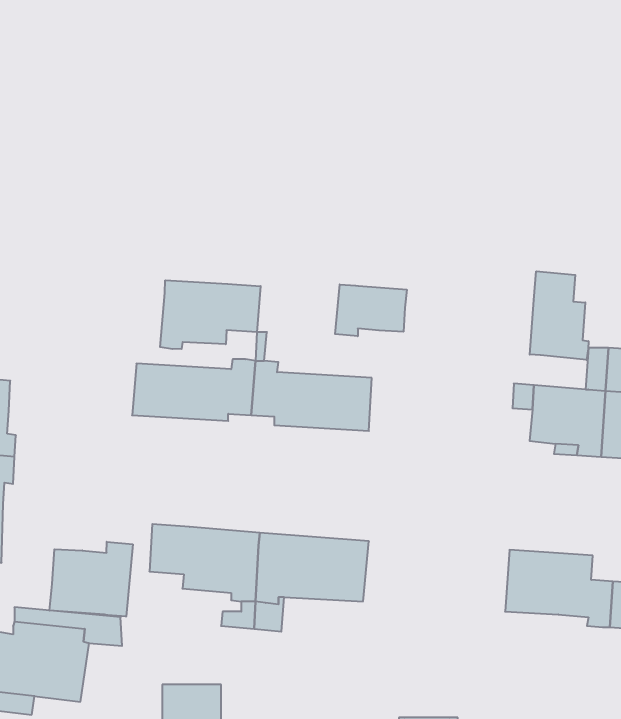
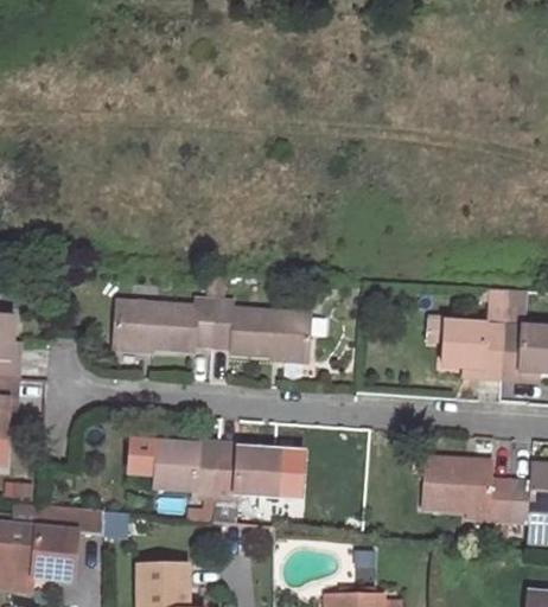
building: [530,271,588,360] -> none
building: [160,280,261,349] -> none
building: [335,284,407,336] -> none
building: [49,542,133,617] -> none

